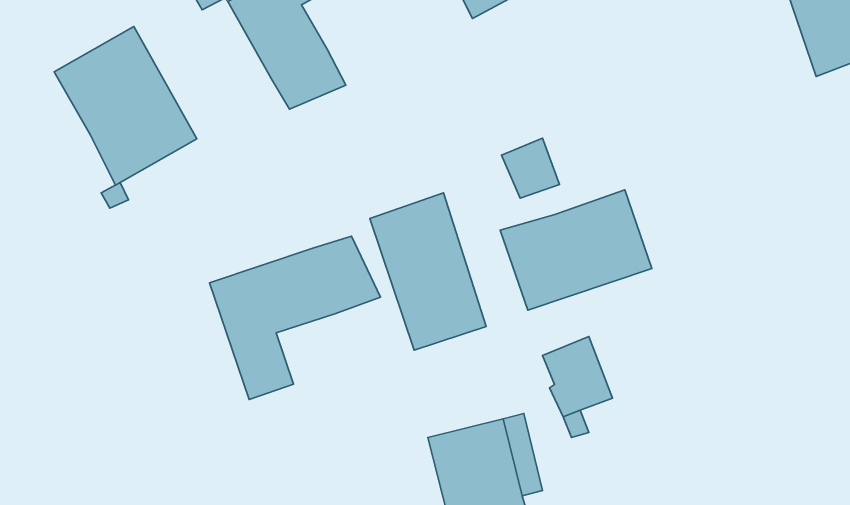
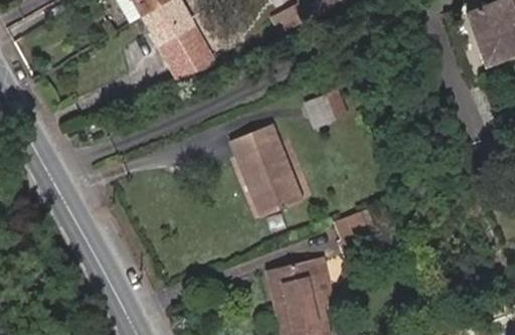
building: [54,27,197,185] -> none
building: [500,190,652,310] -> none
building: [210,236,381,399] -> none

